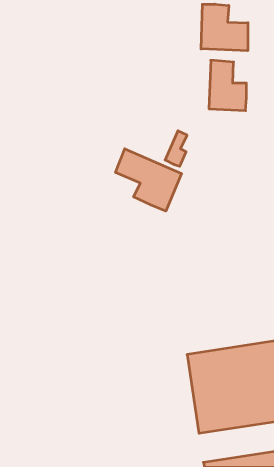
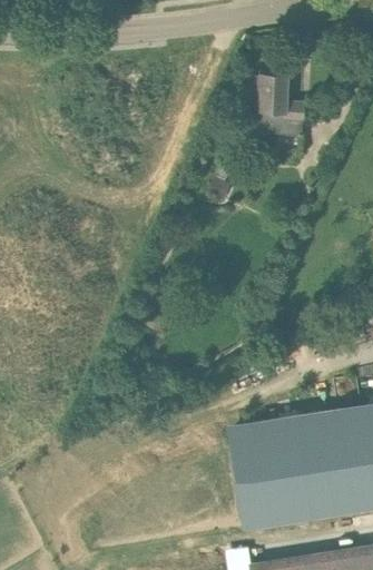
building: [201,4,248,51] -> none
building: [116,149,182,211] -> none

